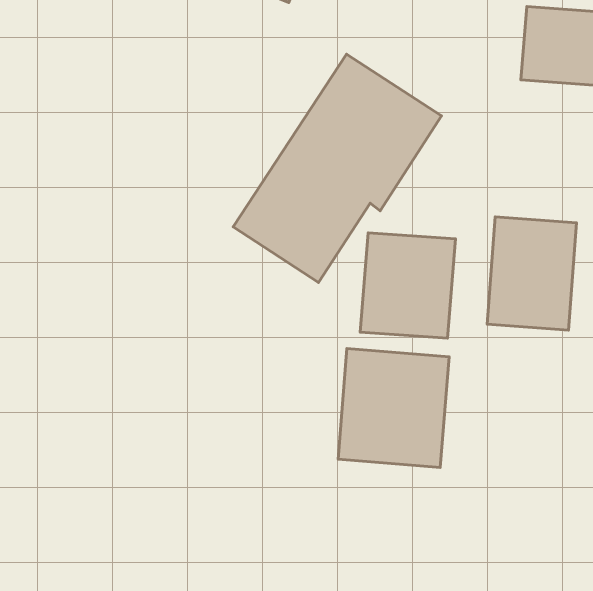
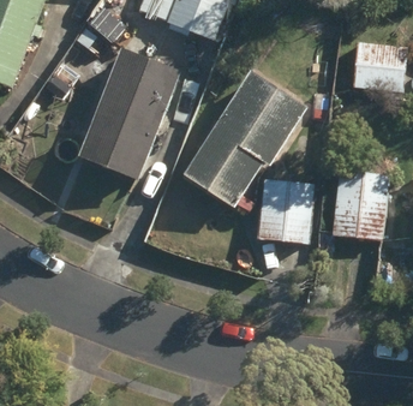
building: none -> [79,47,180,179]
building: [338,348,449,467] -> none

